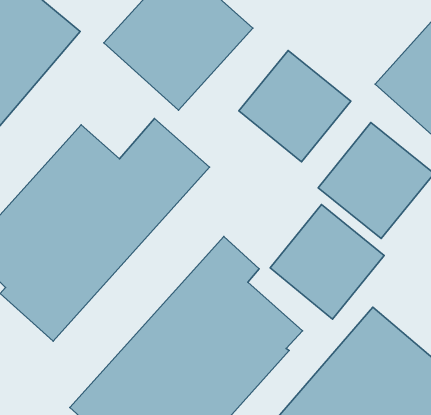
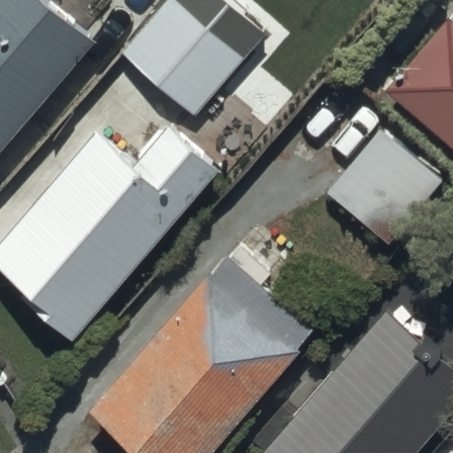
building: [239,51,351,162] -> none
building: [270,204,384,319] -> none

